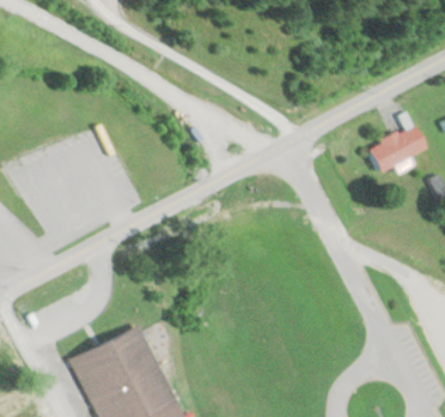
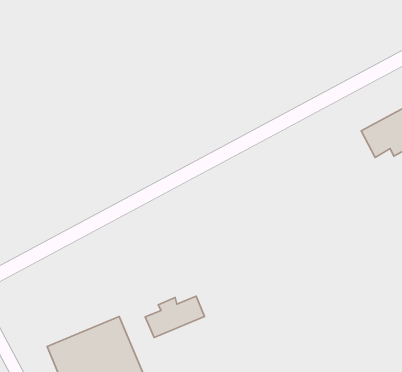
building: none -> [145,296,205,338]

